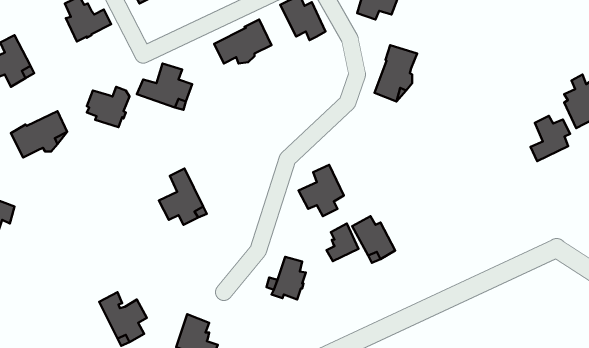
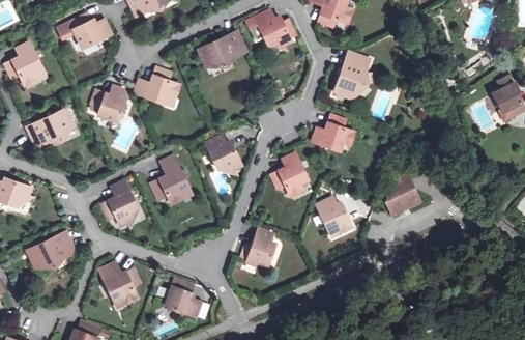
building: [531,116,570,161] -> none
building: none -> [312,113,354,150]
building: none -> [206,136,241,172]
building: none -> [386,172,419,212]
building: none -> [101,181,138,226]
building: [327,224,359,261] -> none
building: none -> [27,230,76,267]

